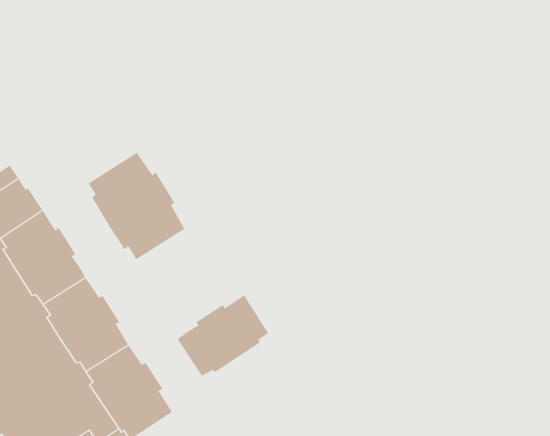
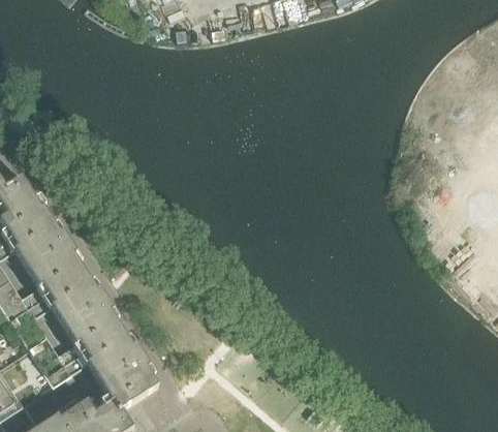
building: [88,152,185,260] -> none
building: [177,295,269,377] -> none

